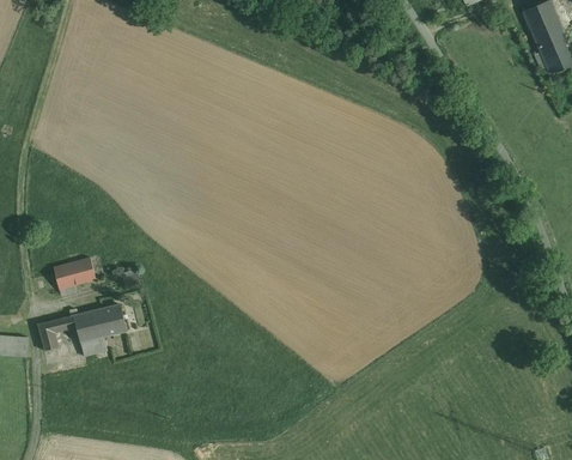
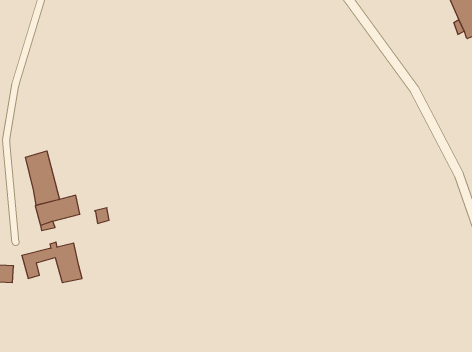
building: none -> [25,151,59,205]
building: [97,303,127,335] -> none

